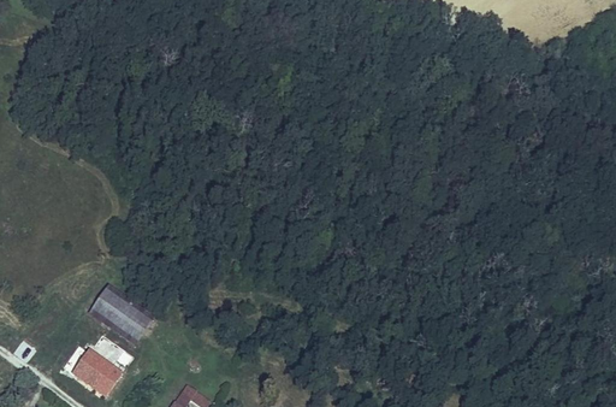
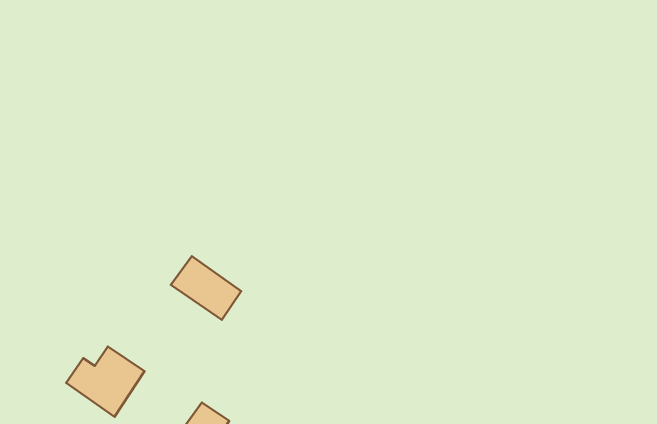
building: [87,285,152,344] -> [171,256,241,320]

